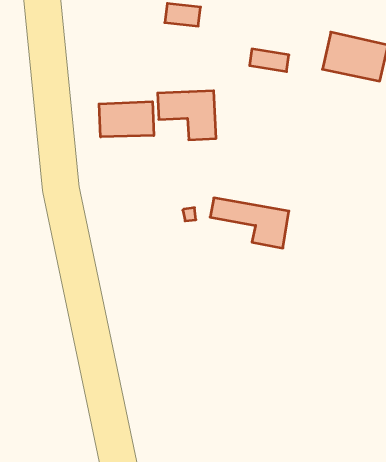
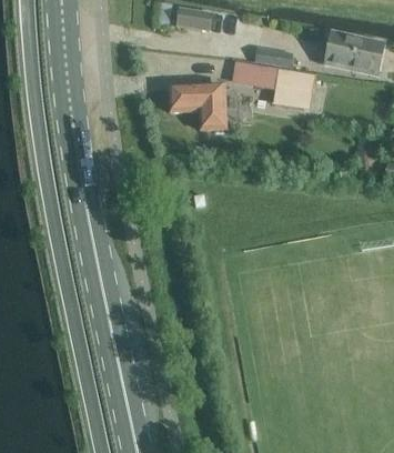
building: [99,102,154,137] -> none
building: [210,198,289,248] -> [234,61,307,108]

